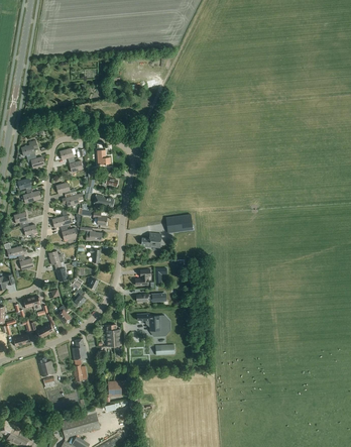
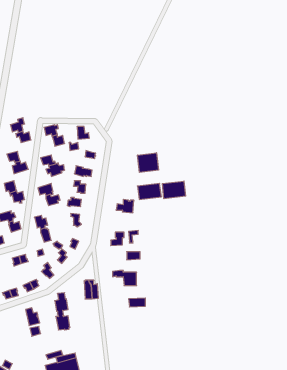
building: none -> [138,153,158,172]
building: none -> [162,181,186,199]

